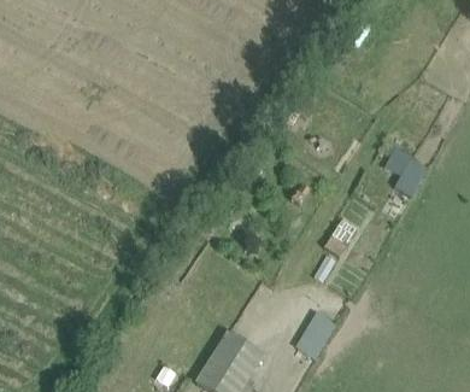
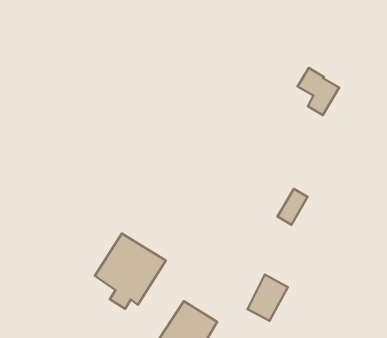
building: [384,146,428,195] -> [297,68,339,115]
building: none -> [95,234,166,309]

